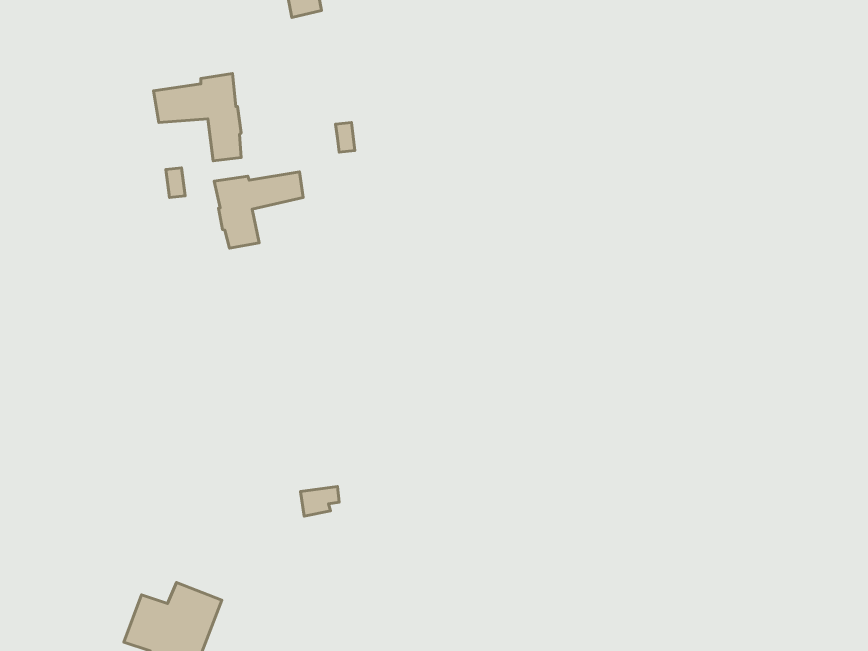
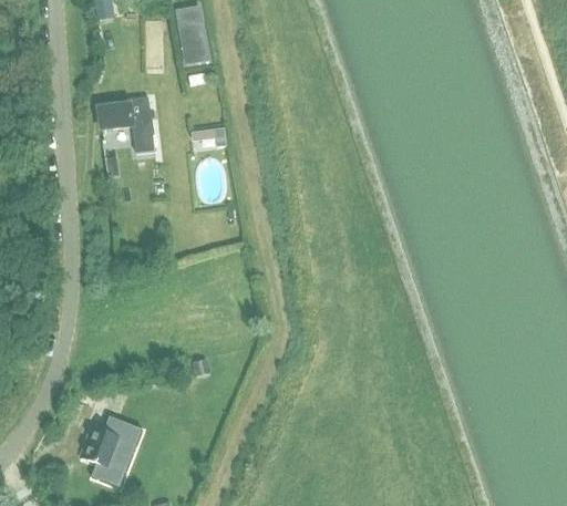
building: [214,172,303,248] -> none

